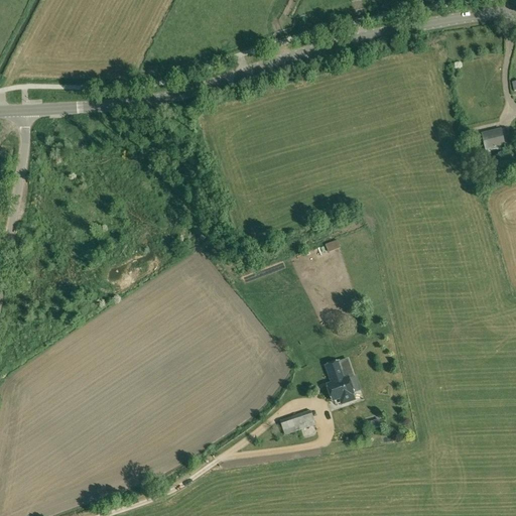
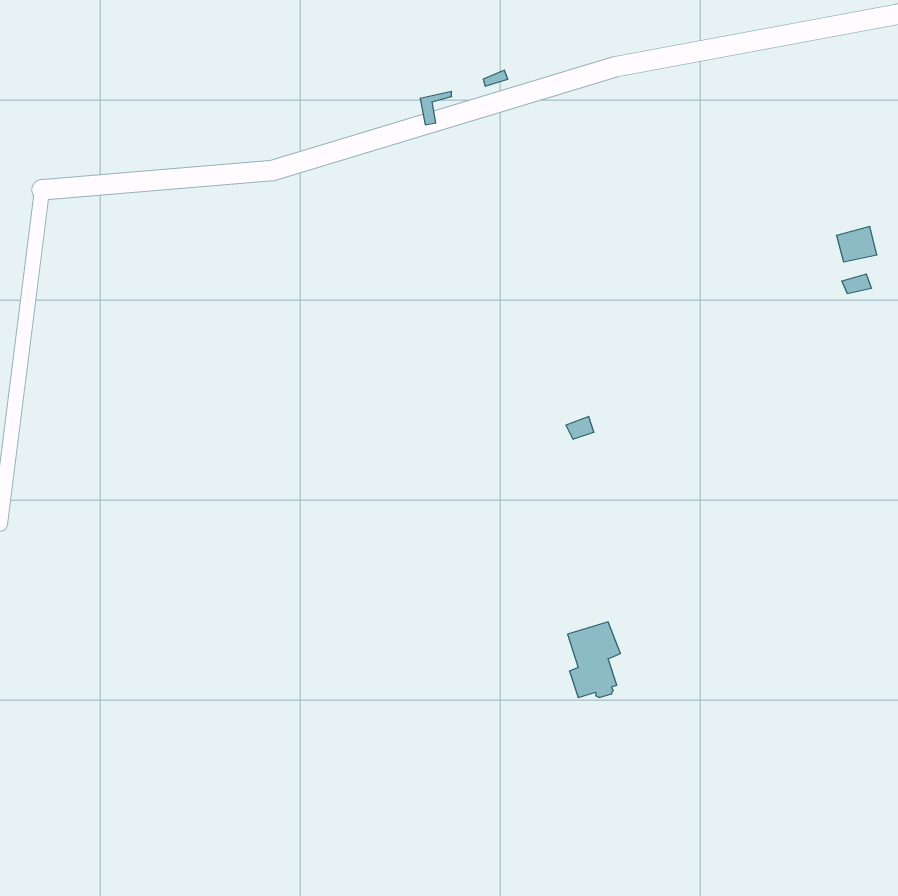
building: [280,410,315,434] -> none

